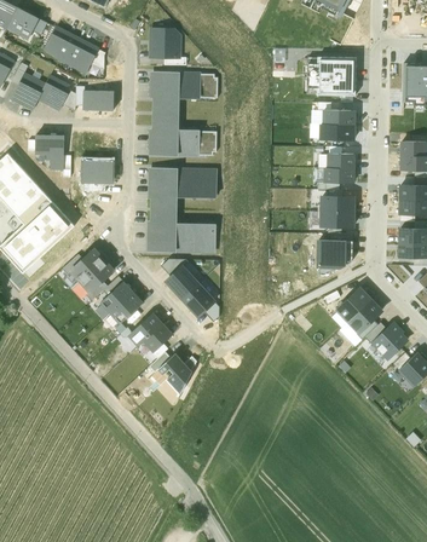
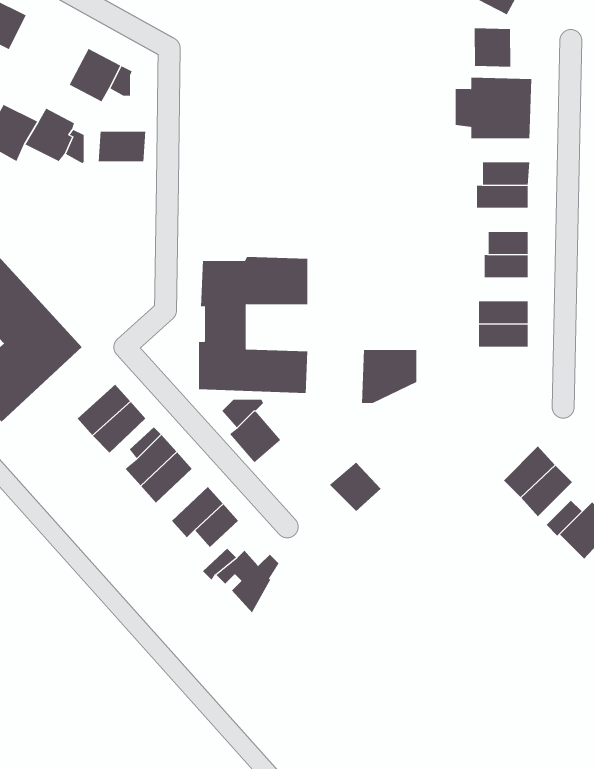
building: none -> [474,27,511,67]
building: [45,27,77,62] -> none
building: [150,29,180,58] -> none
building: [149,74,200,158] -> none
building: [35,136,64,169] -> none
building: [82,161,112,185] -> none
building: [317,241,352,275] -> [361,349,417,404]
building: [181,284,214,316] -> [329,462,381,512]

